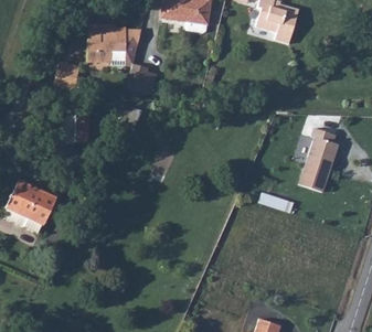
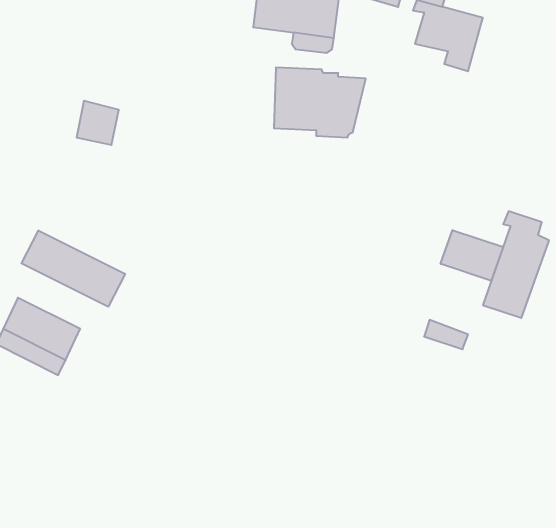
building: [87,24,142,66] -> [274,68,366,138]
building: none -> [441,230,503,281]
building: none -> [21,230,125,307]

